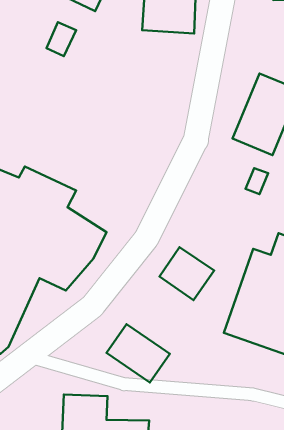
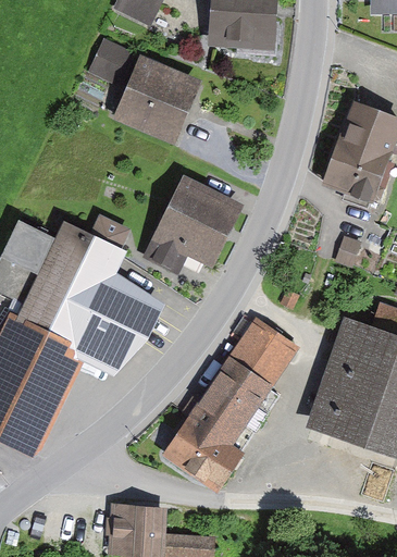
building: none -> [114,57,200,144]
building: none -> [142,180,241,274]
building: none -> [188,357,272,446]

